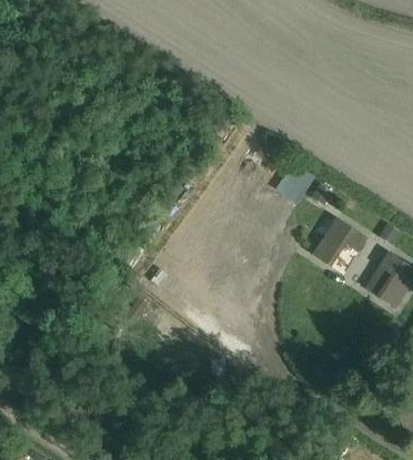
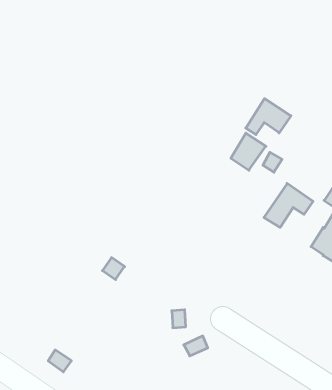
building: none -> [246,99,291,135]

